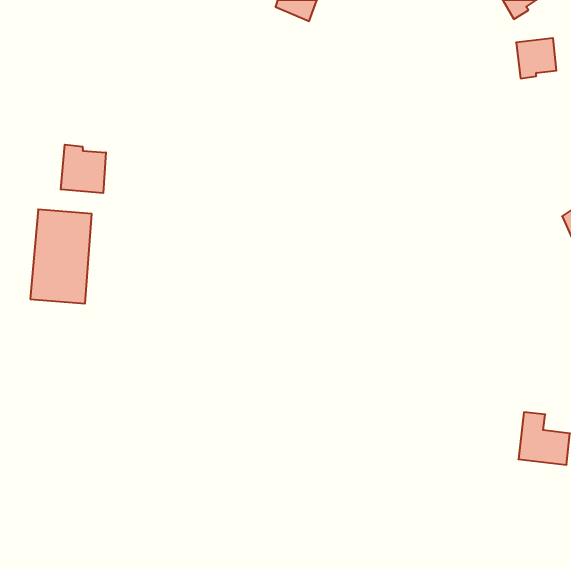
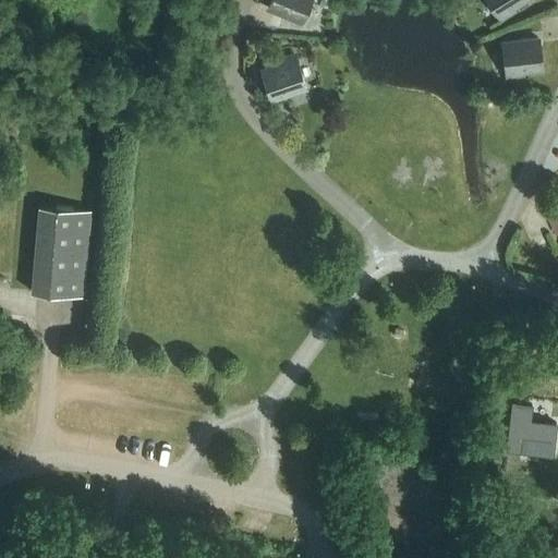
building: none -> [263,58,306,101]
building: [61,145,106,193] -> none

